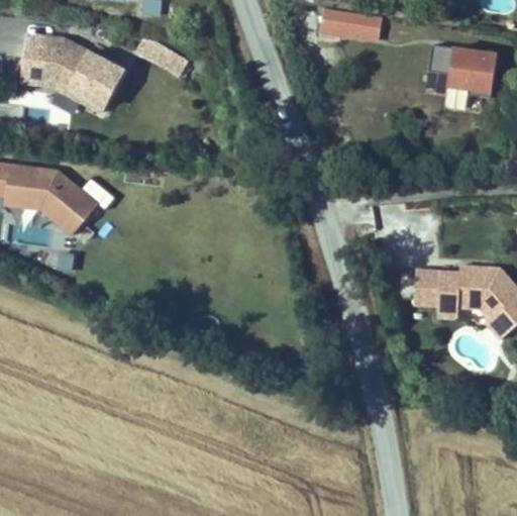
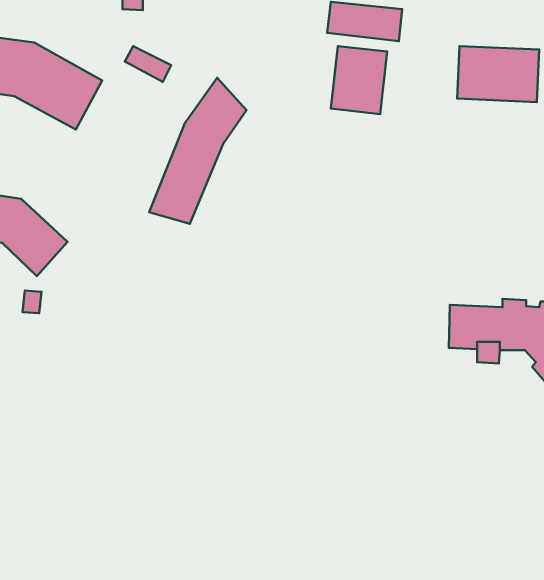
building: none -> [331,46,387,114]
building: none -> [149,78,247,224]

